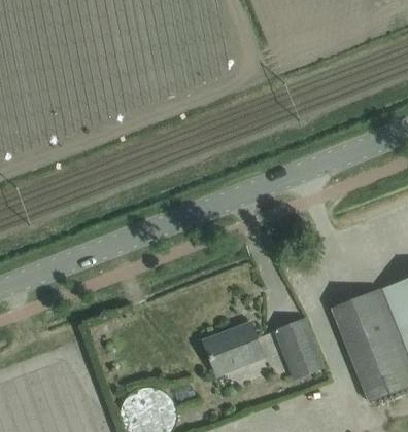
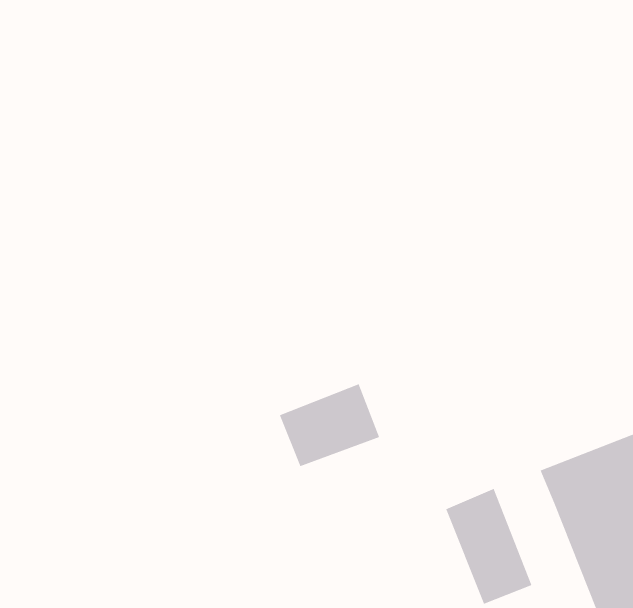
building: [203,324,263,373] -> [279,383,380,467]

